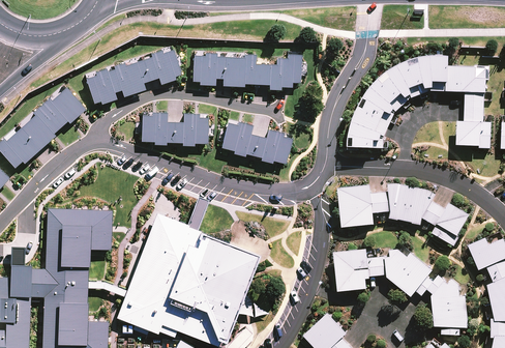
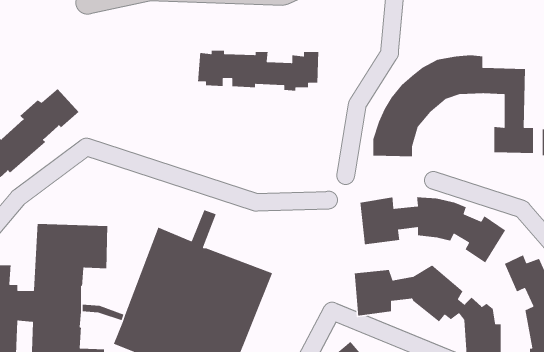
building: [86,50,181,105] -> none
building: [141,112,212,146] -> none
building: [220,121,292,164] -> none

